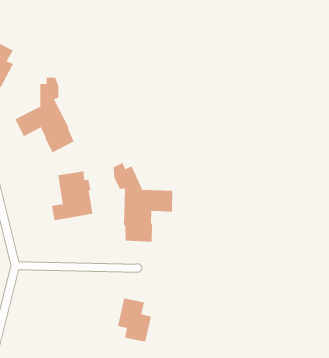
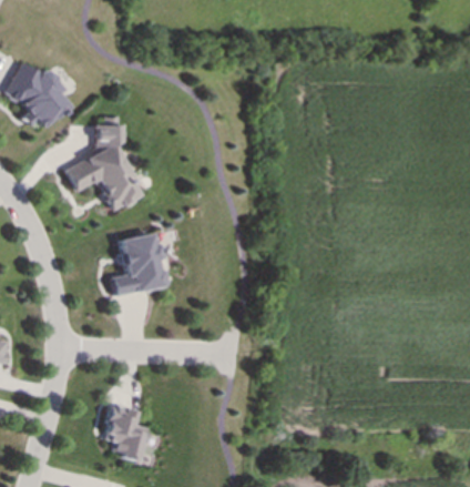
building: [113,162,173,243] -> none
building: [117,298,152,342] -> [102,404,145,459]

